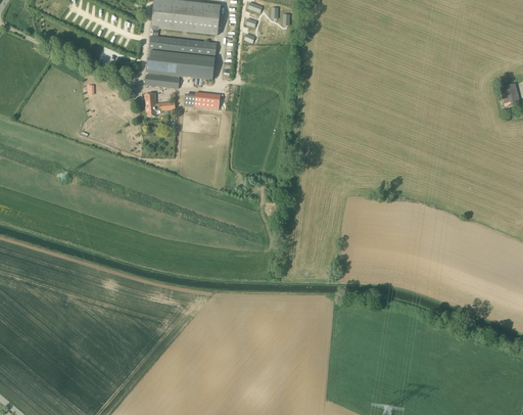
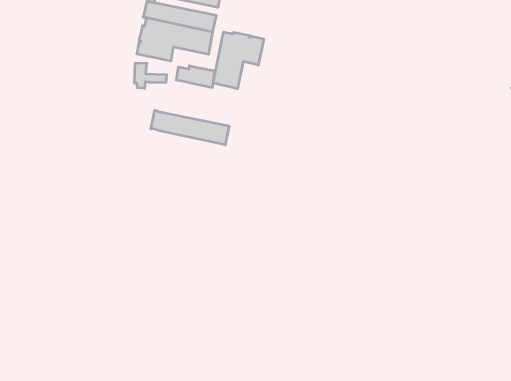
building: none -> [213,32,264,89]
building: none -> [151,110,229,145]

